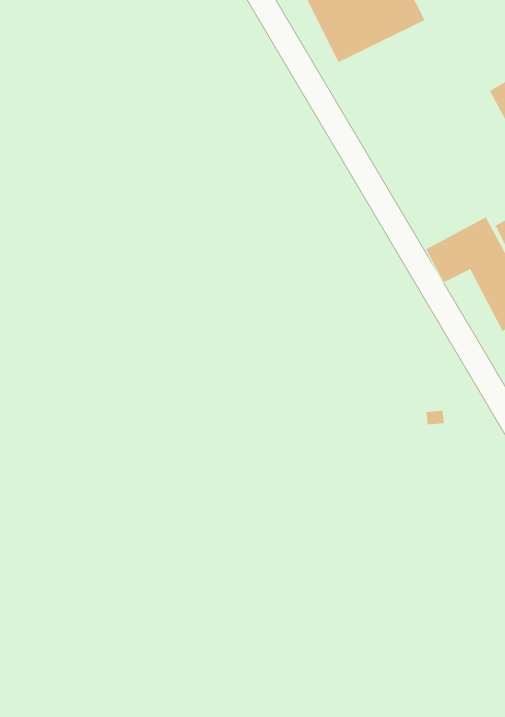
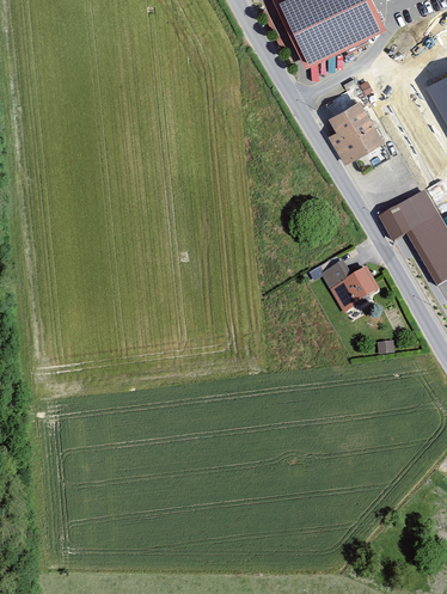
building: none -> [332,103,384,163]
building: none -> [320,265,375,312]

